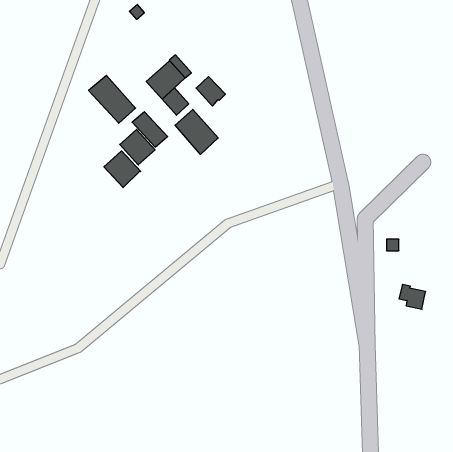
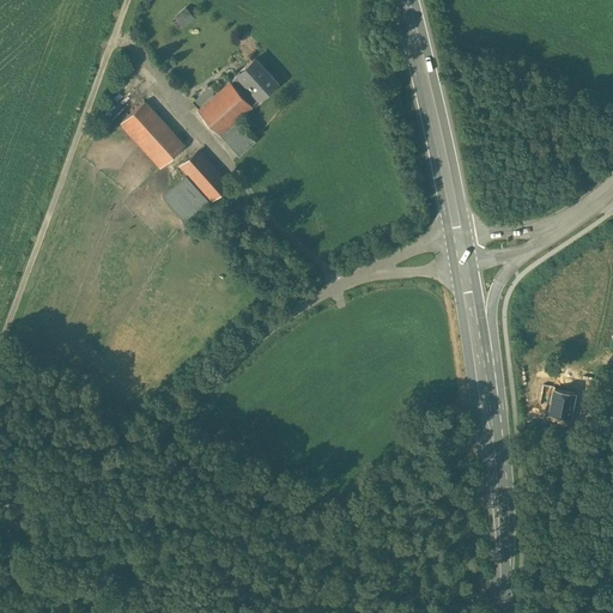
building: [196,77,225,106] -> [237,60,277,99]
building: [175,109,218,154] -> none
building: [104,151,141,188] -> none

